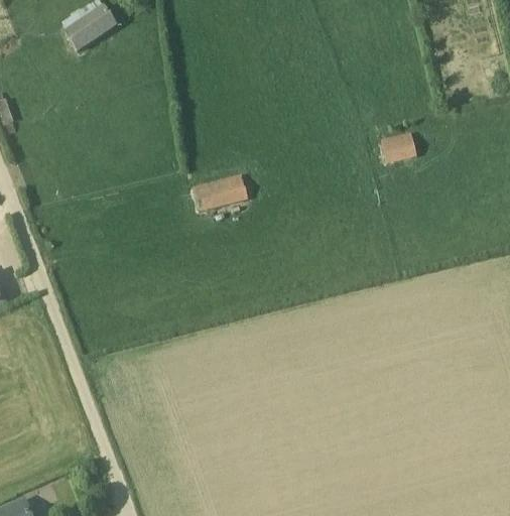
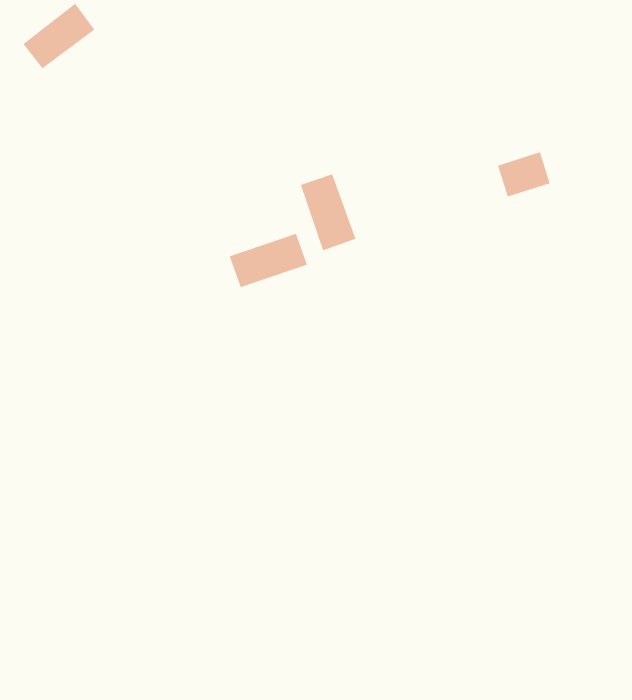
building: none -> [300,174,356,251]

